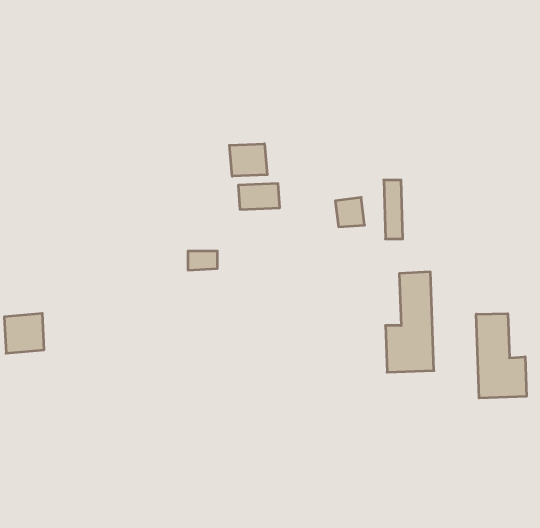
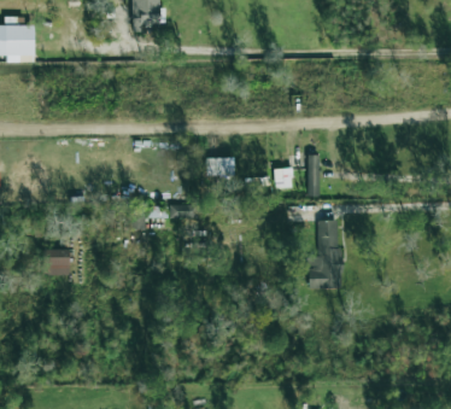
building: [229,144,267,176] -> none
building: [476,314,526,398] -> none

